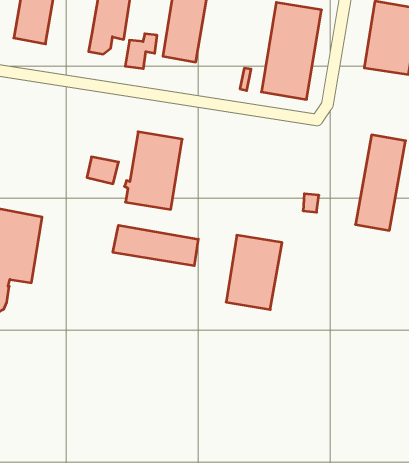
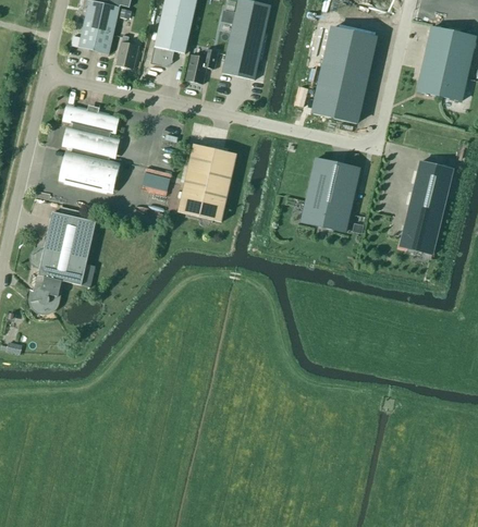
building: none -> [114,35,137,68]
building: none -> [63,106,113,193]
building: [113,225,198,266] -> none
building: [226,235,282,310] -> [301,157,358,231]

